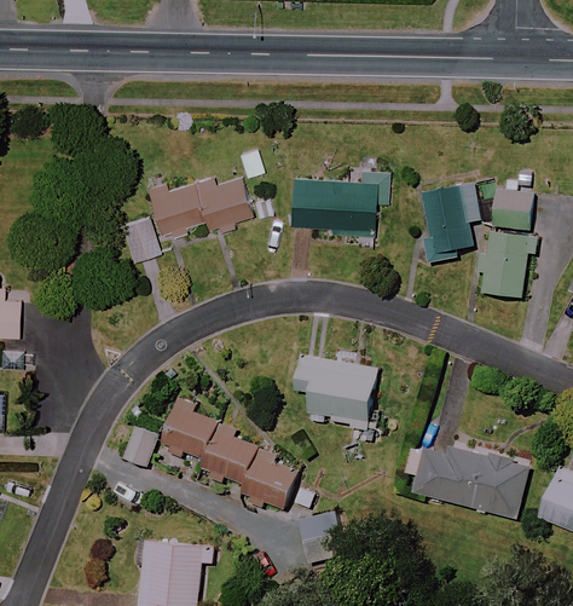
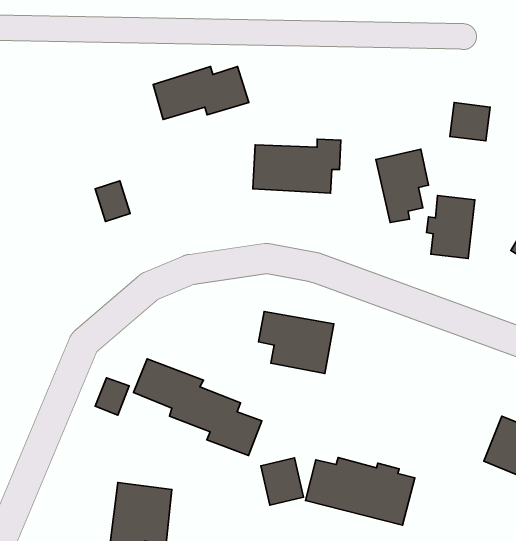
building: [149,175,251,232] -> [153,66,249,119]
building: [491,189,534,230] -> [450,103,490,141]
building: [412,446,529,519] -> [306,458,415,525]

